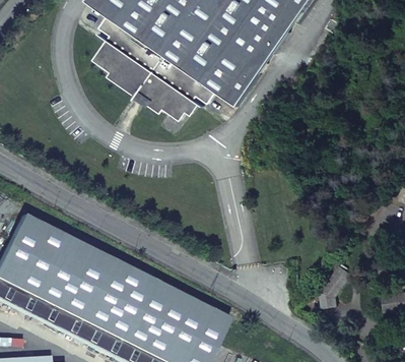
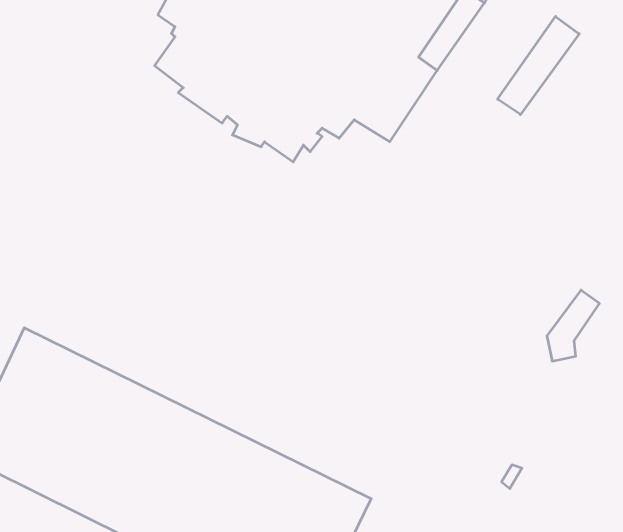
building: none -> [498,16,579,115]
building: [322,262,353,305] -> [547,290,599,361]

